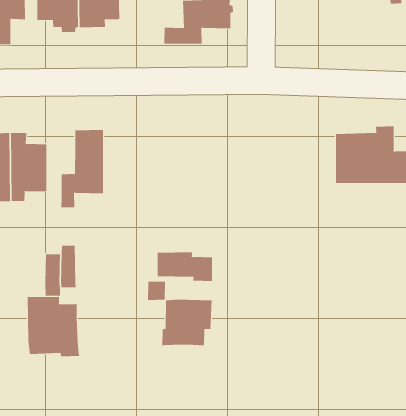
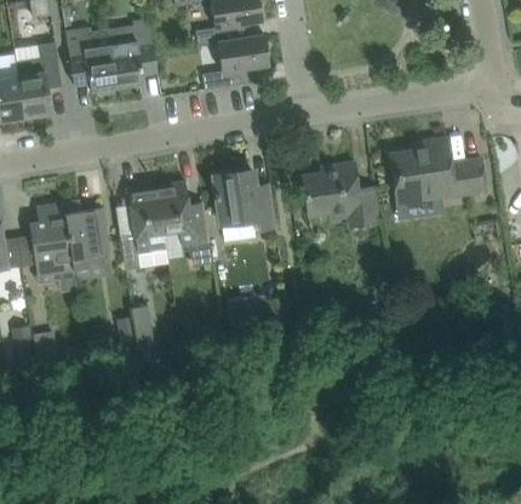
building: none -> [213,171,275,241]
building: none -> [156,182,212,268]
building: none -> [302,162,378,228]
building: [27,296,80,357] -> none
building: [162,299,212,346] -> none

